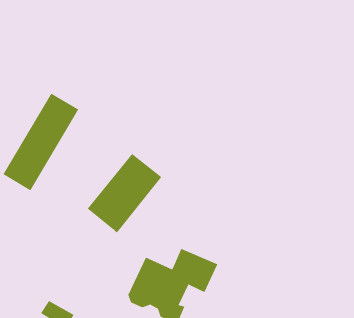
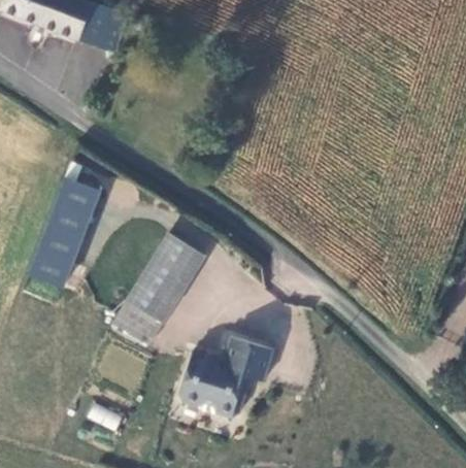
building: none -> [111,300,157,342]

